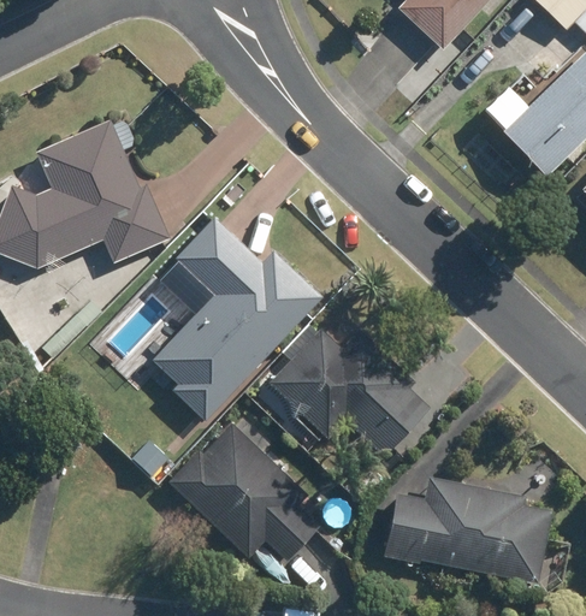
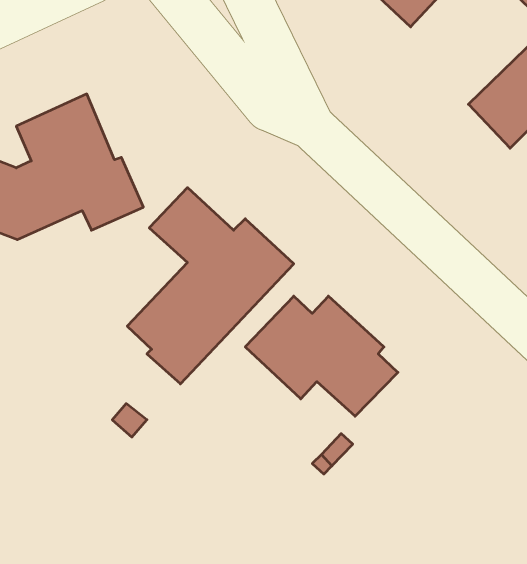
building: [170,422,320,559] -> none
building: [384,479,550,585] -> none

